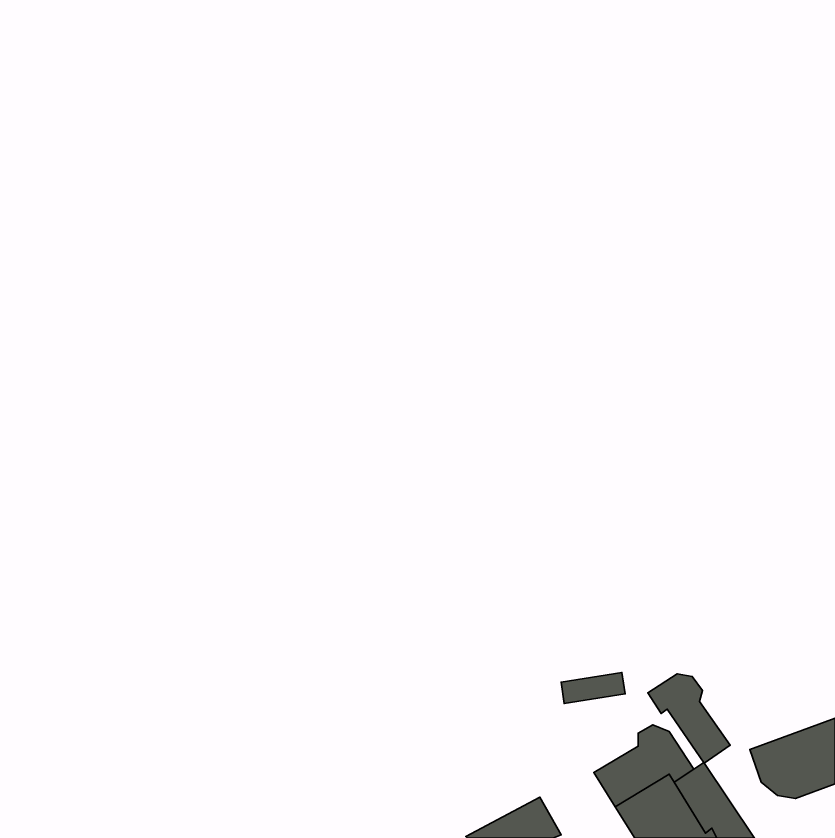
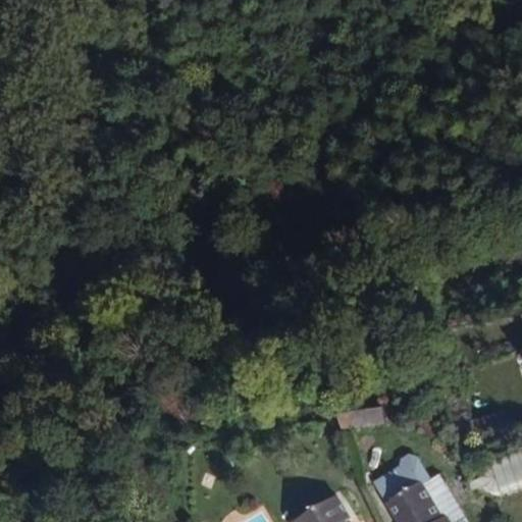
building: [648,674,730,763] -> none

